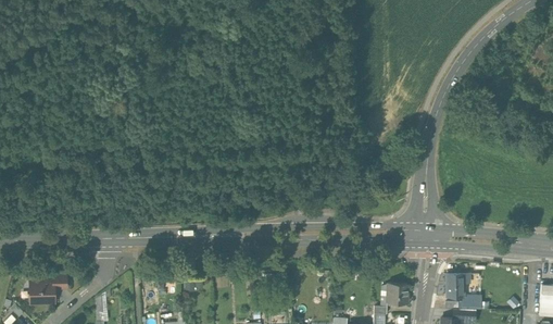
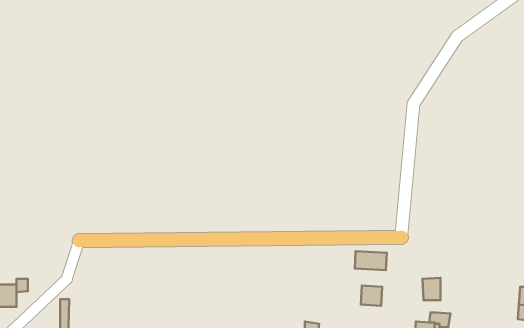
building: none -> [355,251,387,270]

